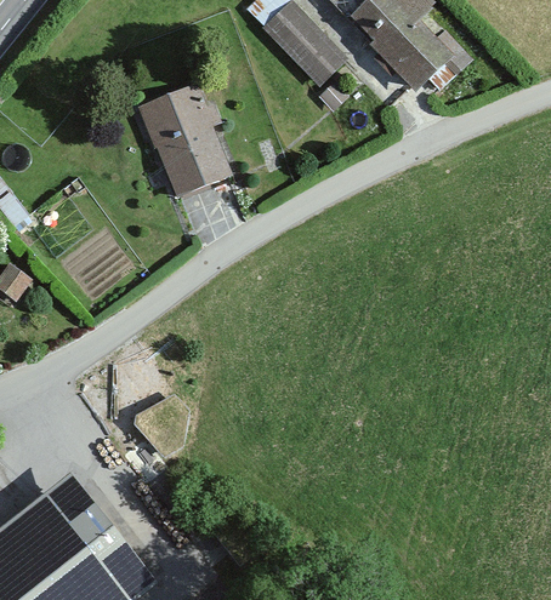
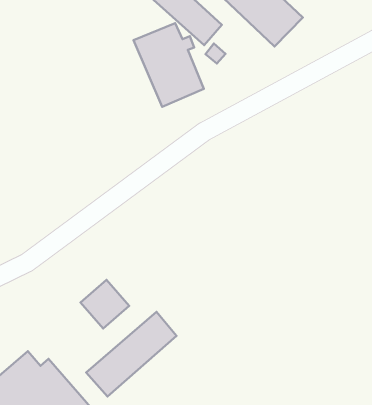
building: [141,91,231,201] -> [133,23,204,107]
building: none -> [86,312,177,397]

